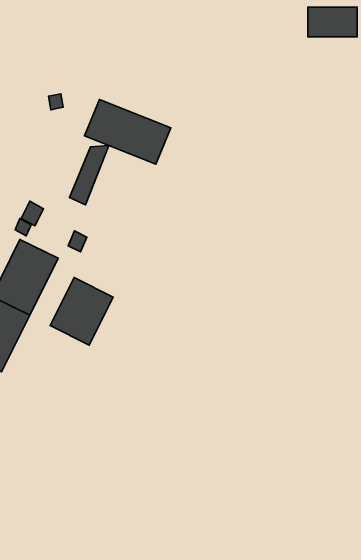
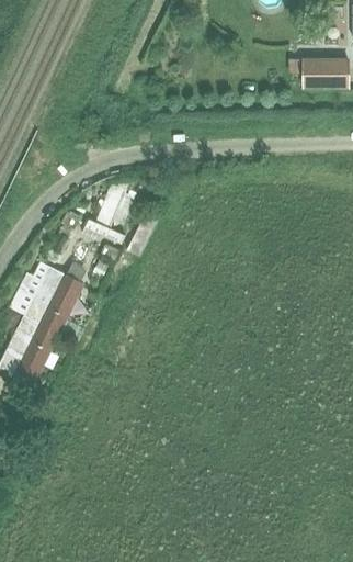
building: [84,99,171,164] -> none
building: [50,277,113,345] -> none

